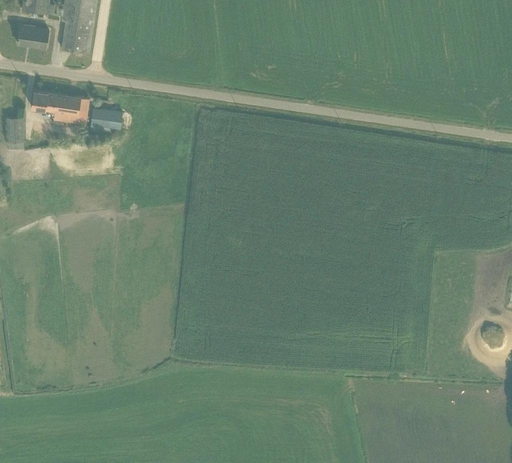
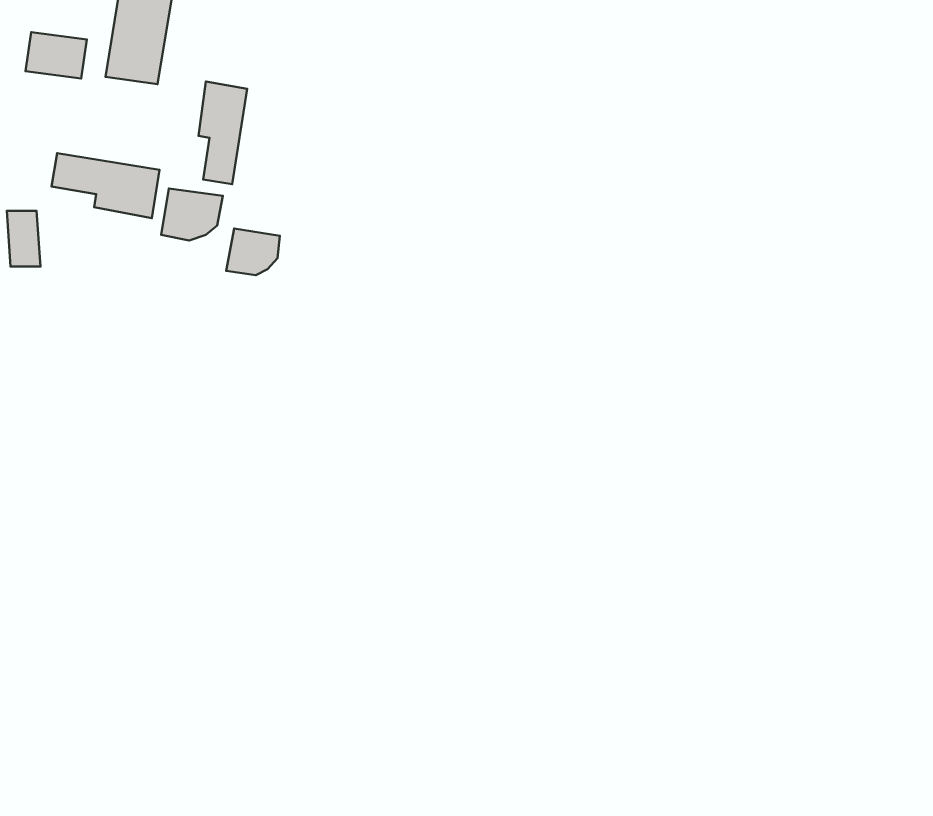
building: none -> [198,82,247,184]
building: none -> [226,228,280,275]

